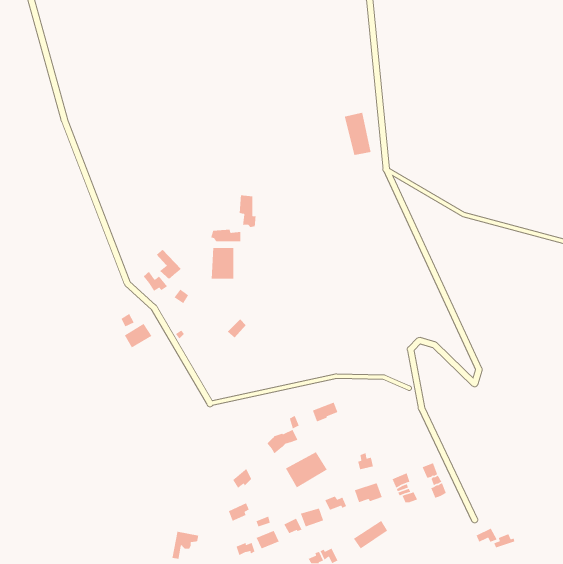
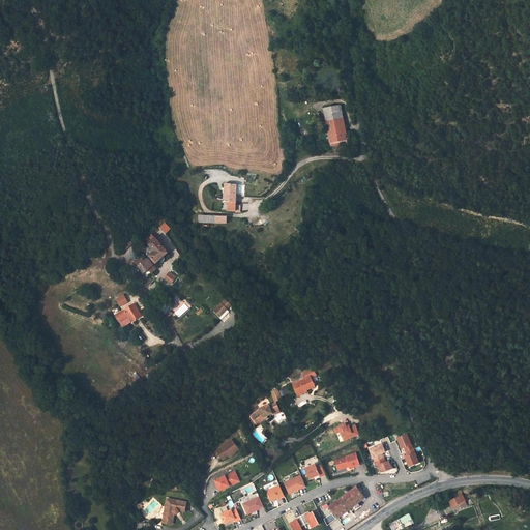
building: [211,247,234,280] -> none
building: [285,451,328,488] -> none

